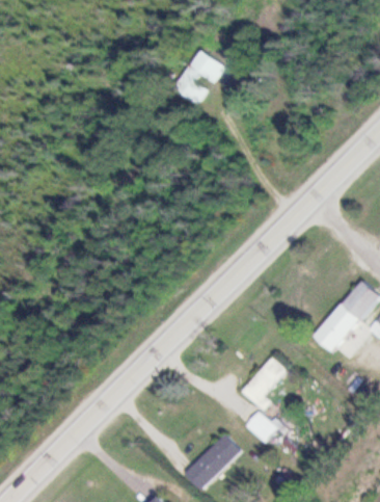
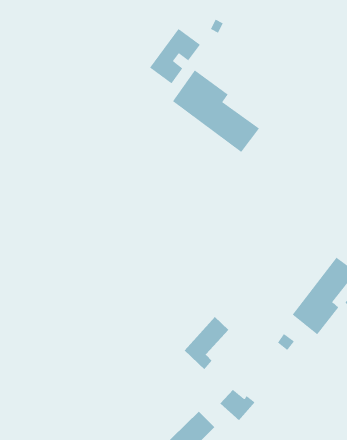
building: none -> [172,70,260,153]
building: [241,356,287,411] -> [184,316,229,370]

